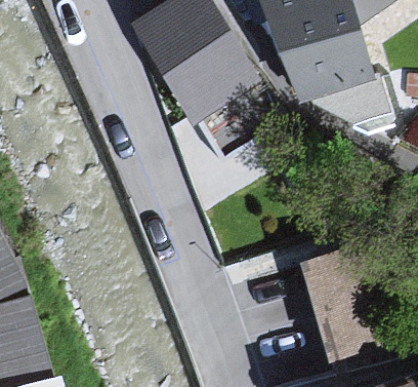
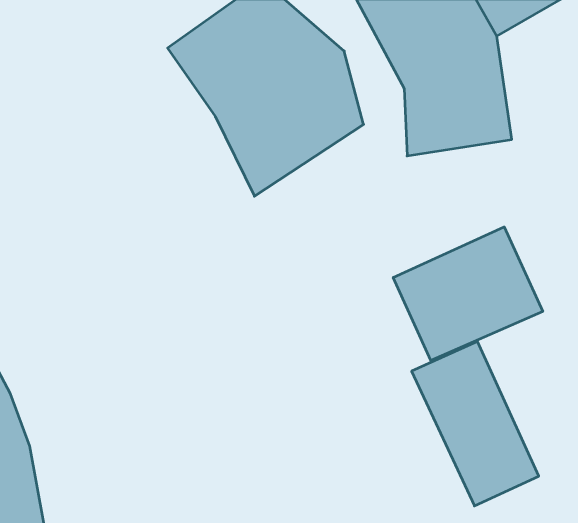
building: none -> [393,227,543,361]

